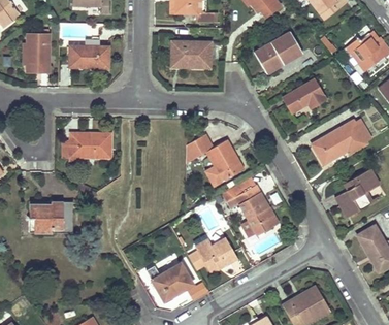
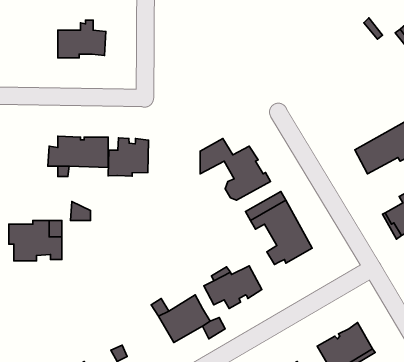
building: [256,32,302,72] -> none
building: [28,34,50,72] -> none
building: [172,40,212,67] -> none
building: [284,78,326,111] -> none
building: none -> [108,138,149,176]

